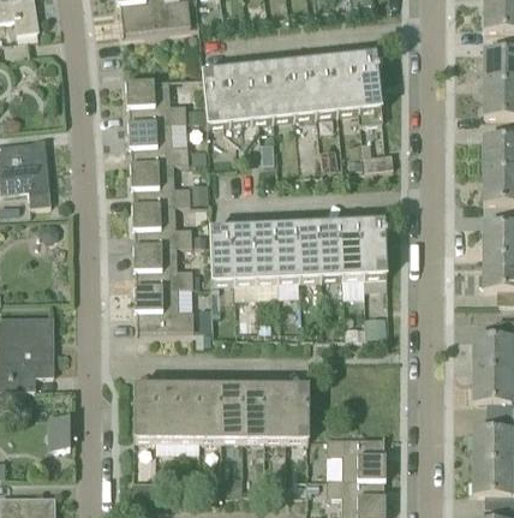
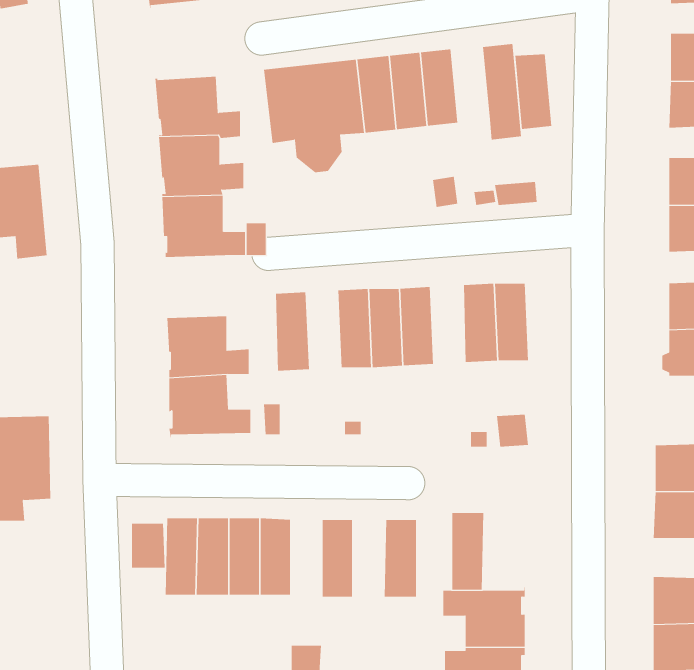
building: [333,58,359,111] -> [514,54,552,130]
building: [133,203,192,246] -> none
building: [318,224,342,279] -> none
building: [232,227,256,282] -> none
building: [221,387,243,441] -> none
building: [264,387,287,441] -> [451,513,484,590]
building: [47,413,71,445] -> [131,523,166,568]

